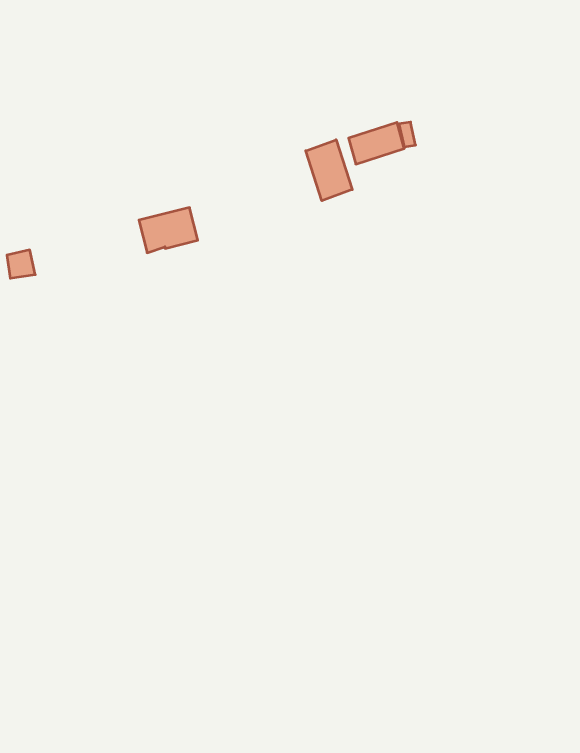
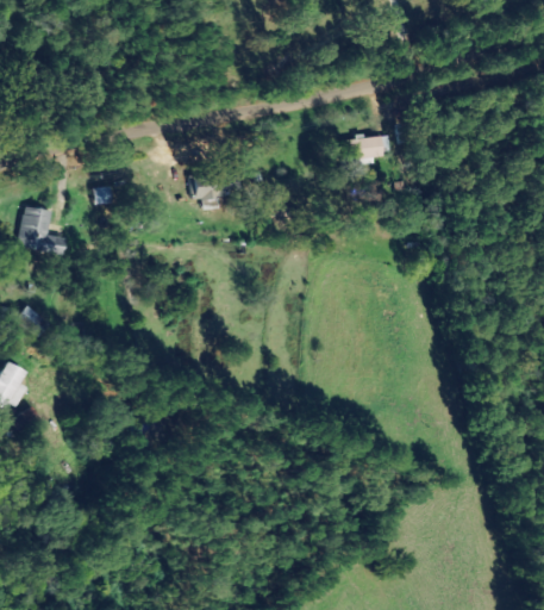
building: [306,140,352,201] -> none

